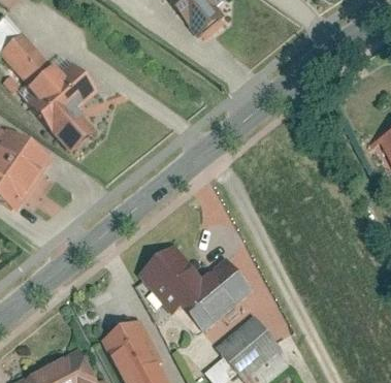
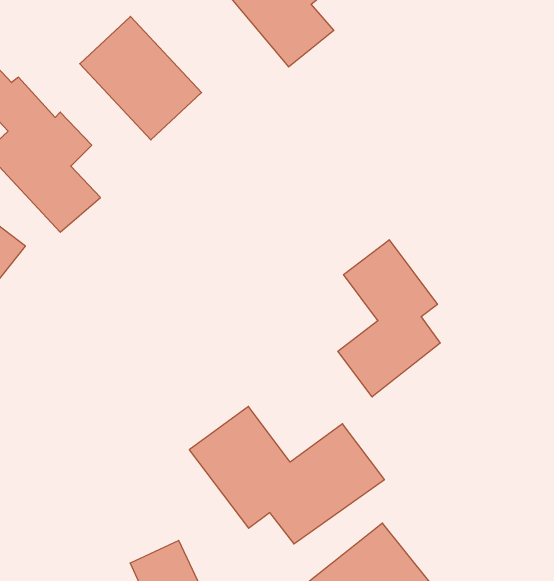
building: none -> [80,16,202,140]
building: none -> [338,240,440,397]

